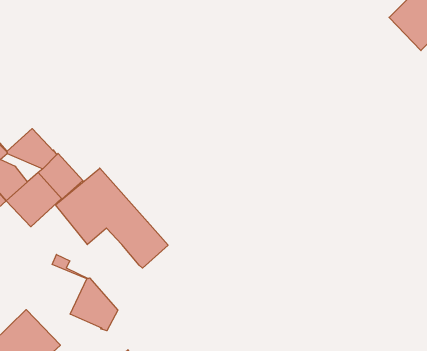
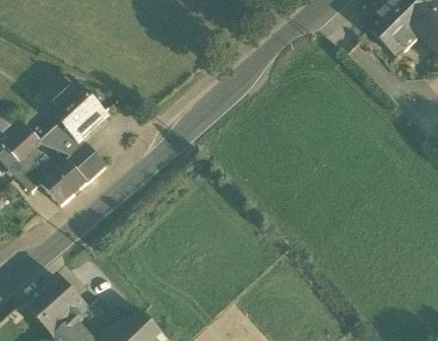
building: none -> [52,86,107,141]
building: [55,168,168,268] -> none
building: [52,254,118,331] -> none

